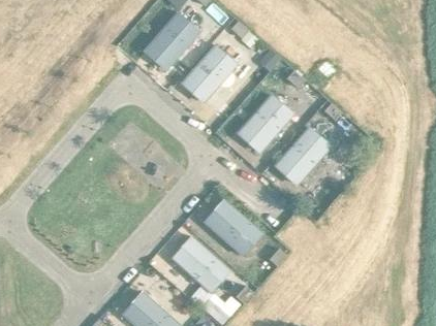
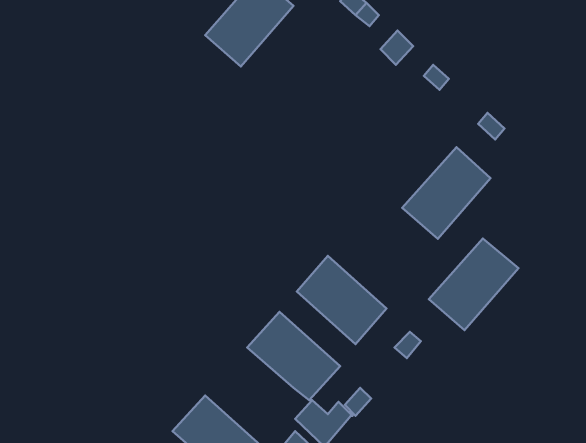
building: [179,37,244,104] -> none
building: [235,94,294,155] -> [429,239,519,330]

